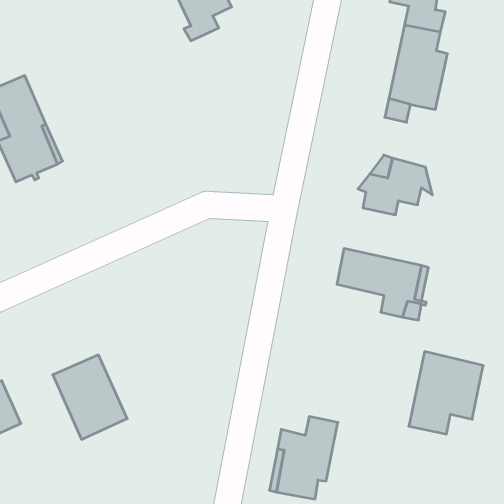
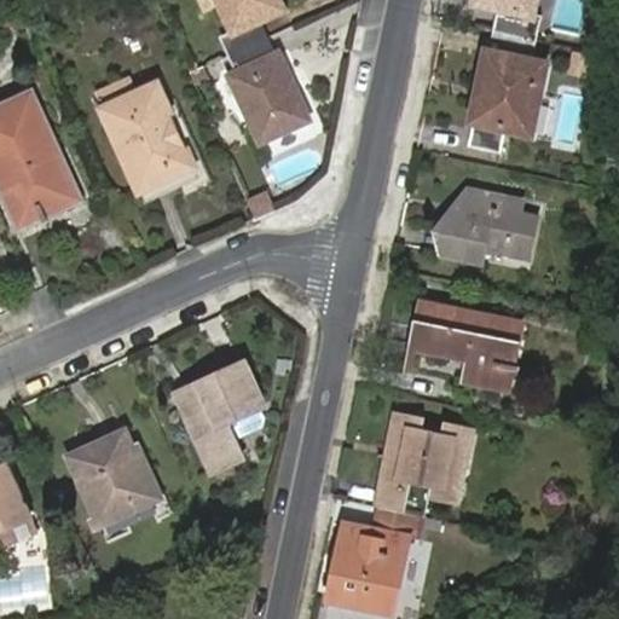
building: none -> [230,34,306,135]
building: none -> [102,85,212,189]
building: none -> [173,363,259,469]
building: [409,352,483,434] -> [376,416,467,516]

